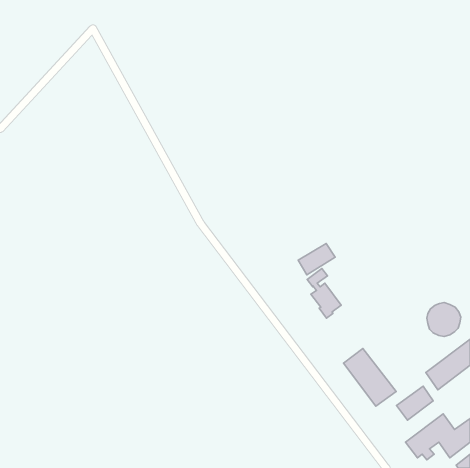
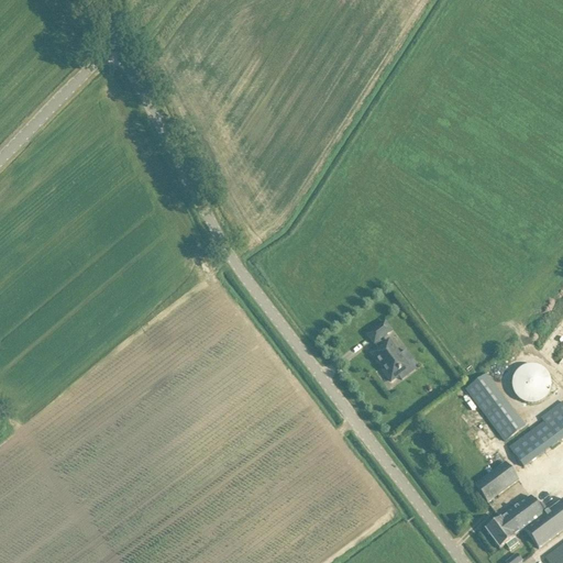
building: [298,244,335,275] -> none
building: [344,348,396,406] -> [465,371,528,440]

